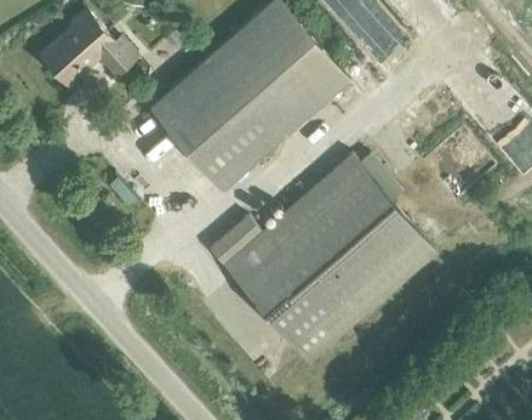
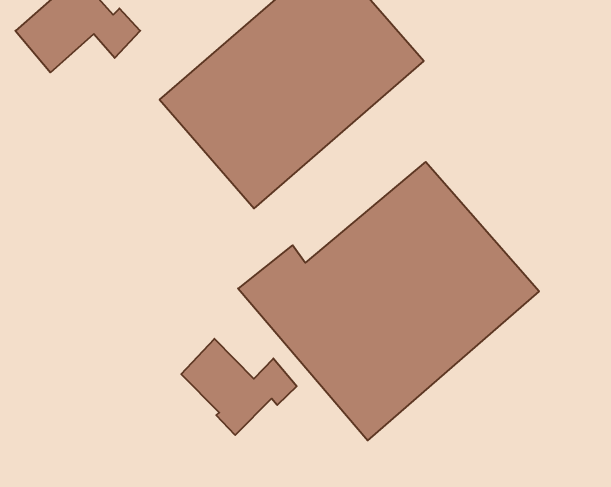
building: none -> [181,339,297,435]

